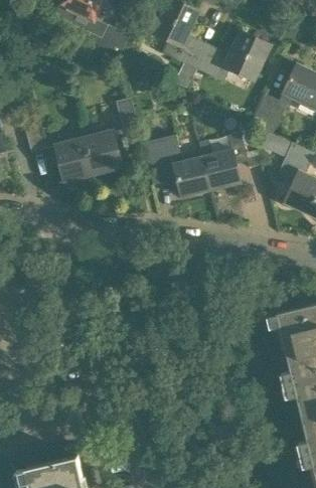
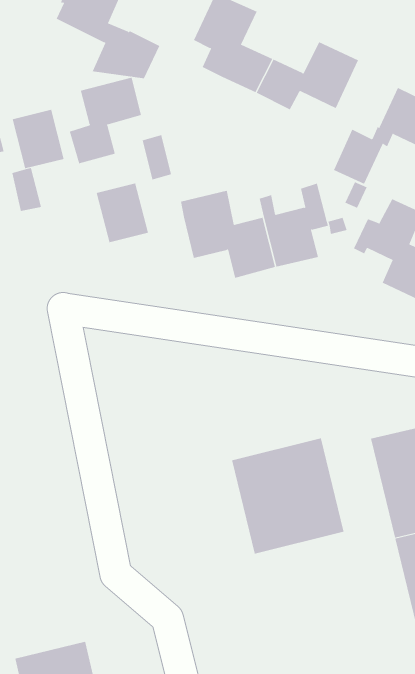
building: none -> [69,77,141,164]
building: [54,139,92,181] -> [12,109,65,169]
building: none -> [231,437,344,554]

